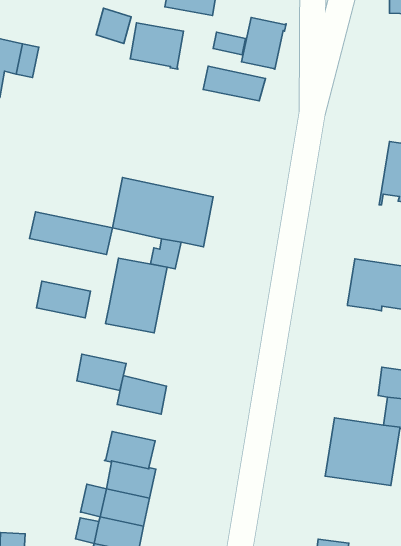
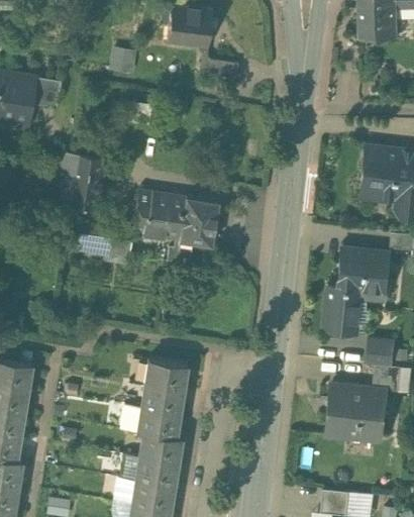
building: [241,17,286,69] -> none
building: [130,23,183,69] -> none
building: [203,66,265,101] -> none
building: none -> [56,152,106,211]
building: [105,258,167,333] -> none
building: [37,281,90,318] -> none
building: none -> [324,287,360,333]
building: [77,354,126,390] -> [142,385,184,414]

